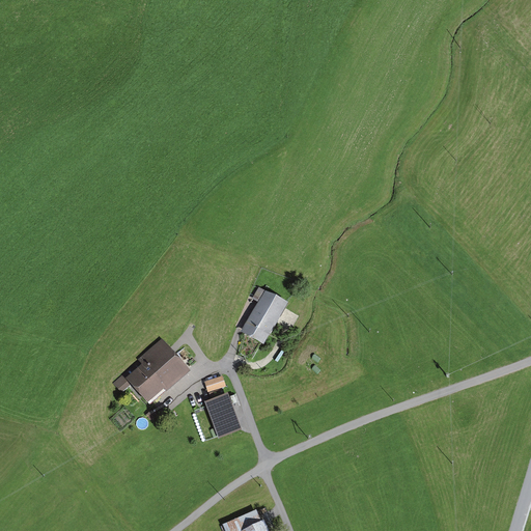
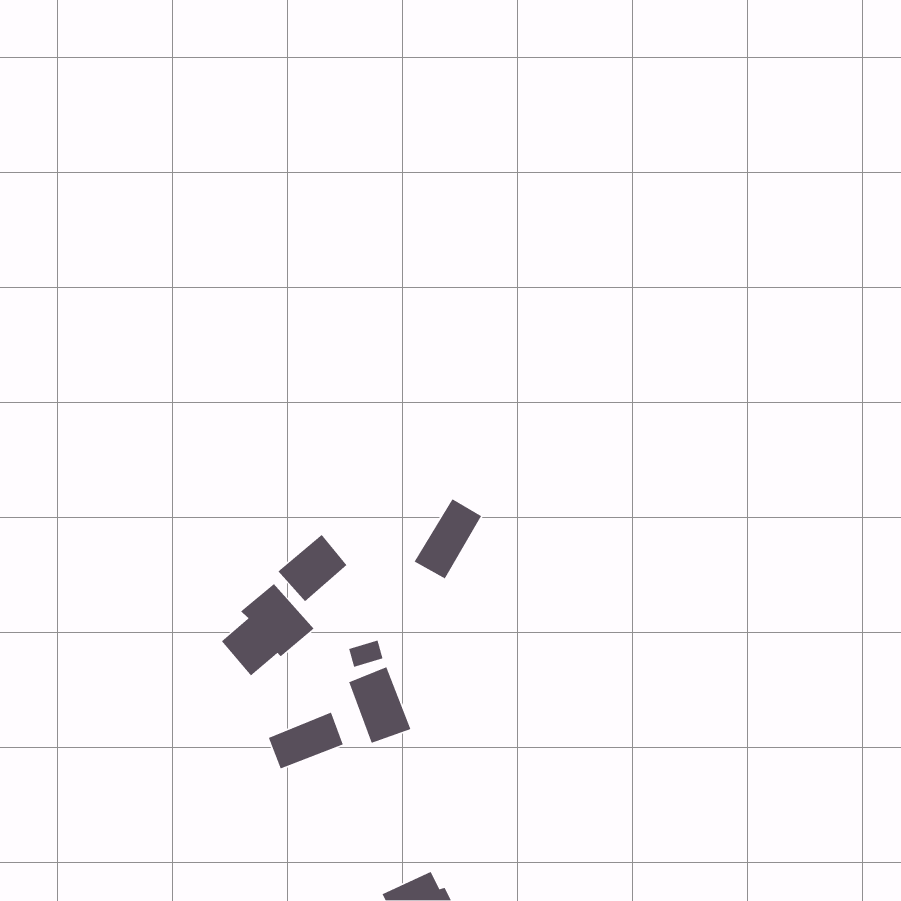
building: none -> [278,534,348,602]
building: none -> [268,711,344,769]

